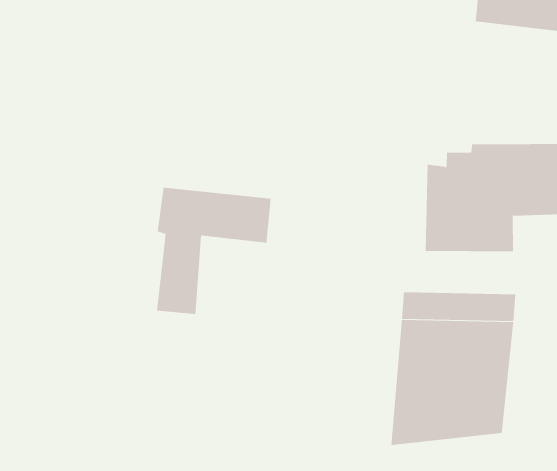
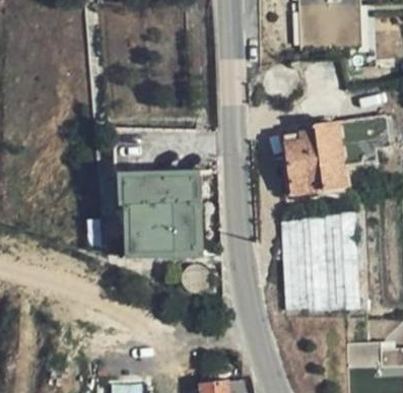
building: none -> [150,203,196,254]

